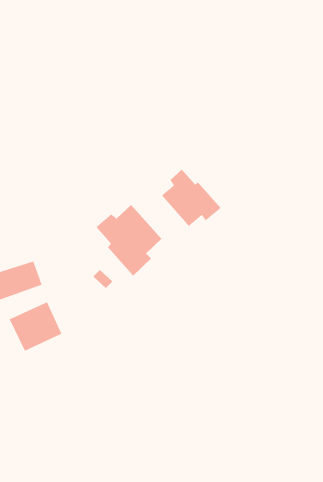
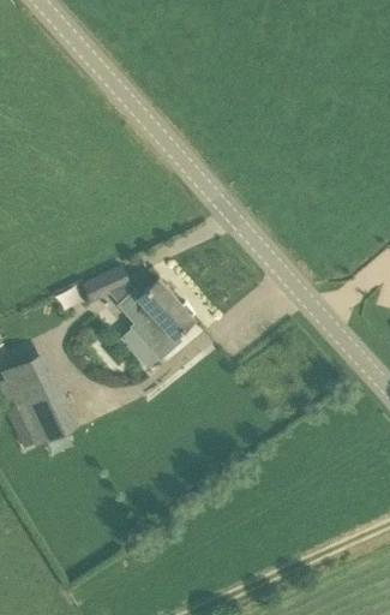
building: [161,169,222,227] -> none
building: none -> [82,267,131,304]

